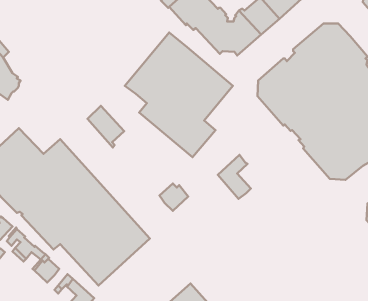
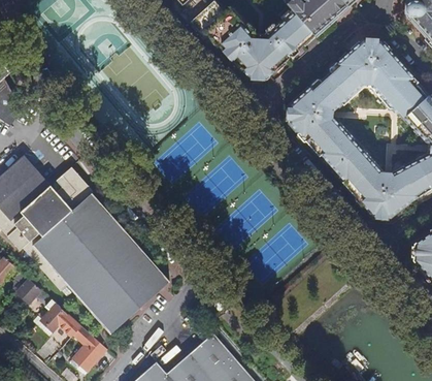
building: [125,32,233,157] -> none
building: [87,106,124,147] -> none
building: [218,155,251,199] -> none
building: [160,183,188,211] -> none

